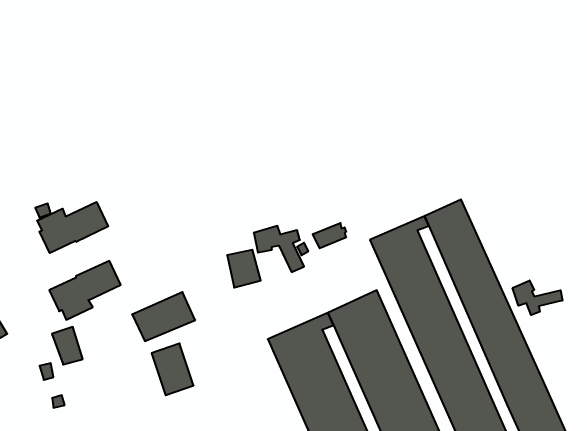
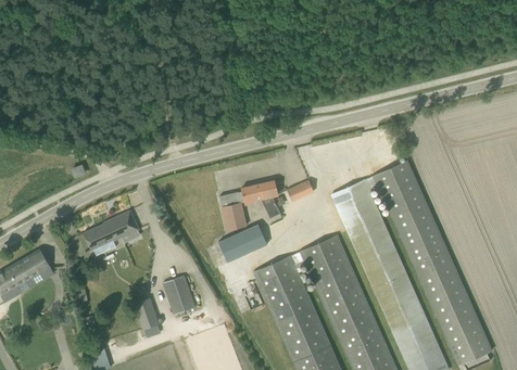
building: [37,202,108,253] -> none
building: [513,280,562,315] -> none
building: [132,292,195,341] -> [218,224,267,261]
building: [52,327,83,365] -> [134,299,157,329]

